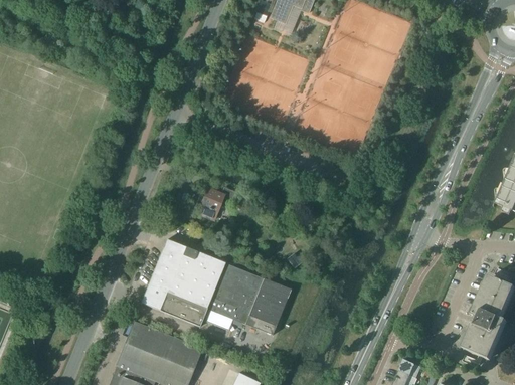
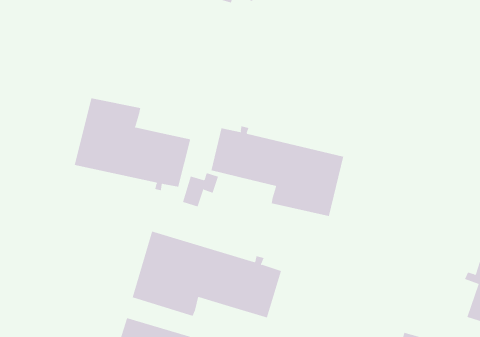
building: none -> [74,97,191,191]
building: none -> [211,126,344,217]

